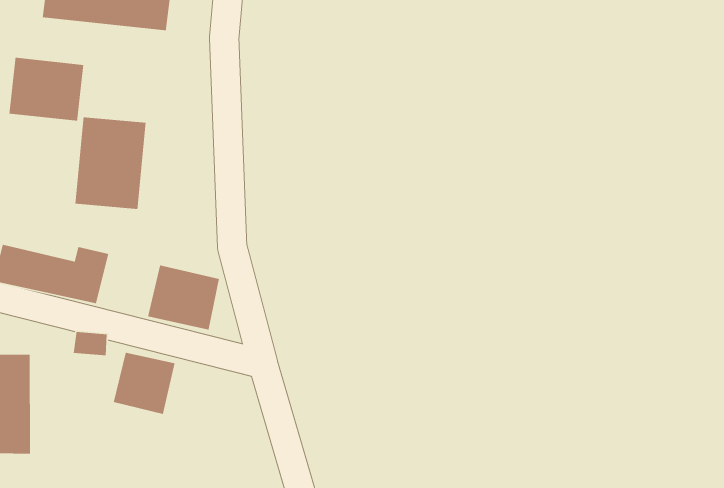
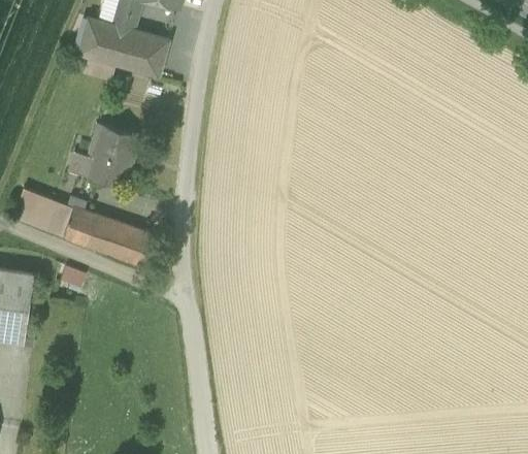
building: [9,57,84,122] -> none
building: [113,352,176,415] -> [84,215,129,260]

